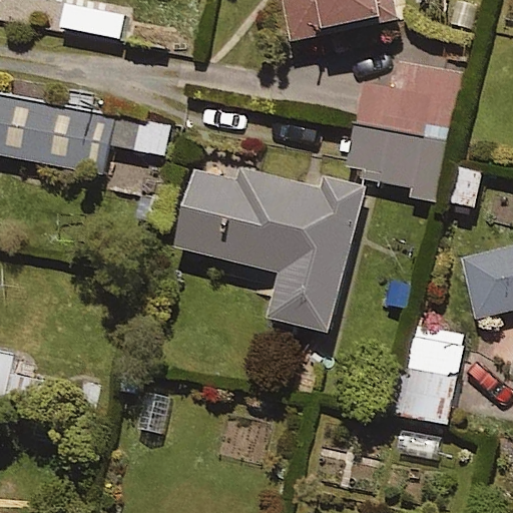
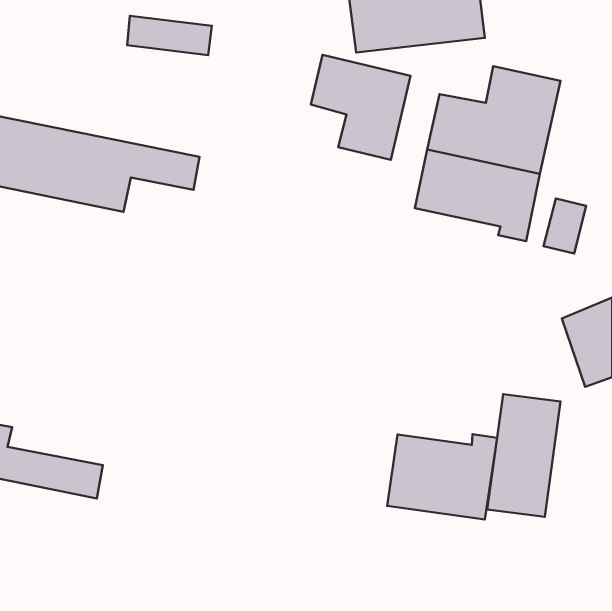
building: none -> [311,55,410,160]
building: [174,165,364,336] -> none
building: none -> [387,434,497,519]

